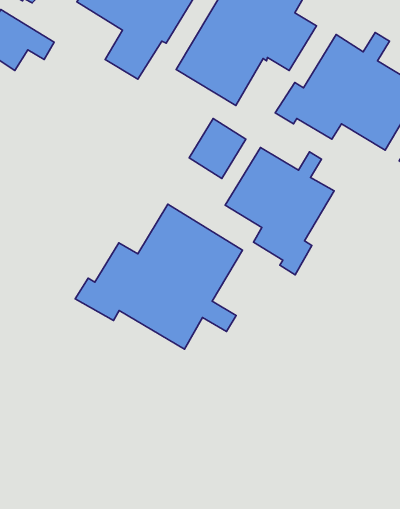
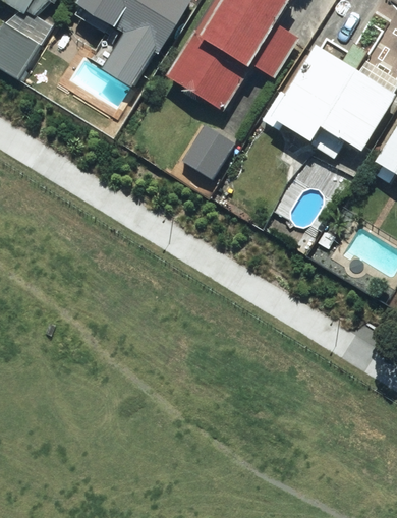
building: [225,148,334,275] -> none
building: [75,204,243,349] -> none

